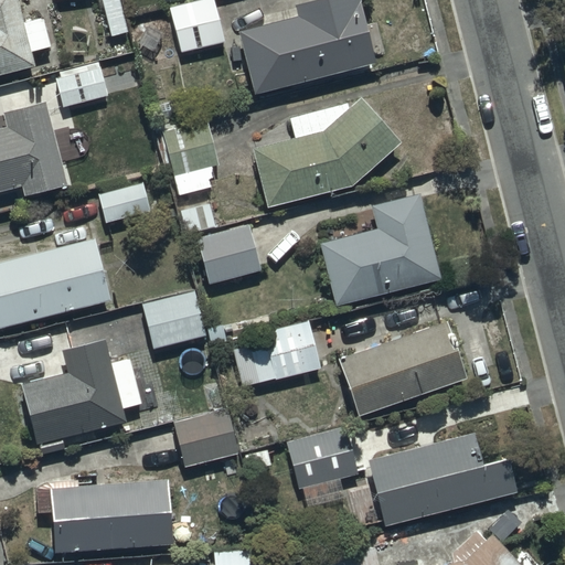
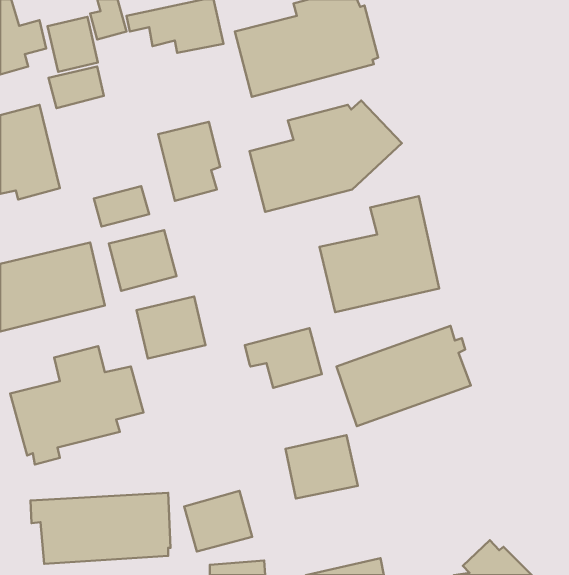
building: none -> [48,17,98,72]
building: [196,224,263,284] -> [109,230,176,291]
building: [173,407,239,467] -> [184,491,252,552]
building: [365,433,515,527] -> none

